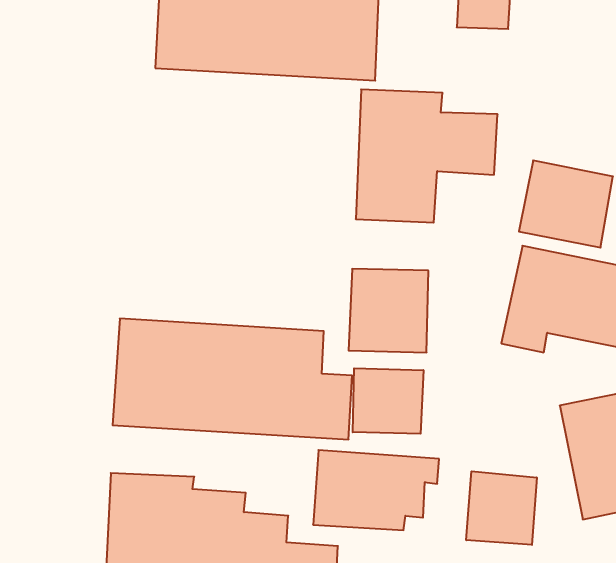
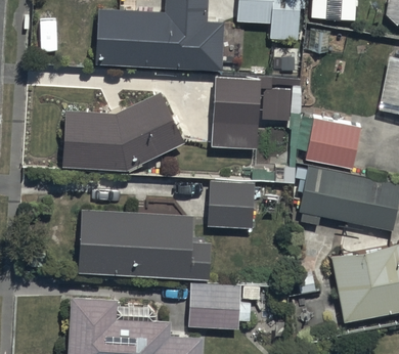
building: none -> [59,91,184,169]
building: [353,368,423,434] -> none
building: [466,471,537,545] -> none

